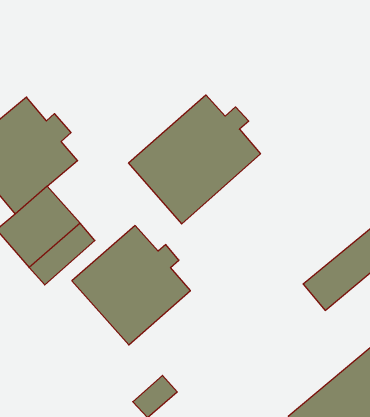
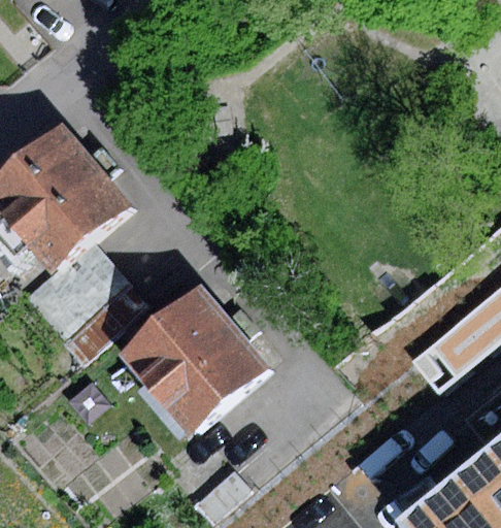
building: [129,95,260,224] -> none

